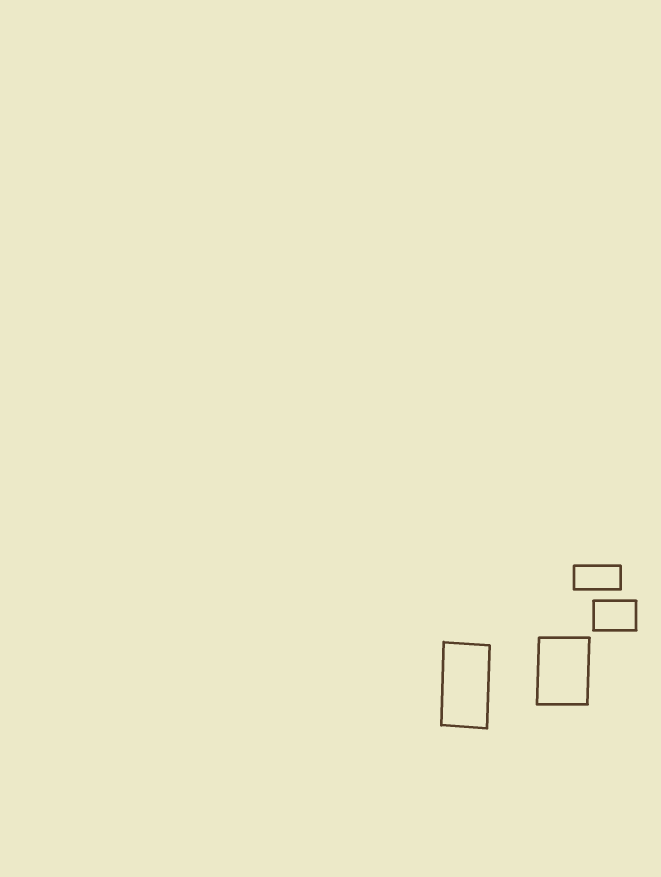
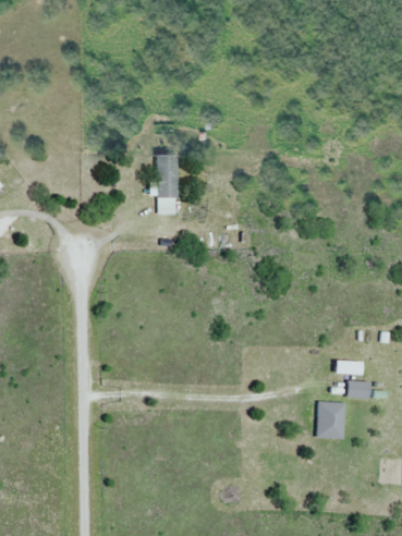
building: none -> [155,155,178,197]
building: [441,642,489,728] -> none

